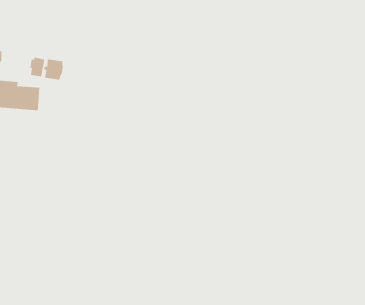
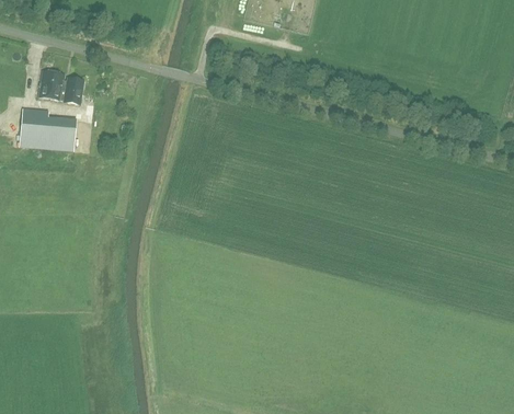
building: [43,59,64,80] -> [37,71,65,100]

